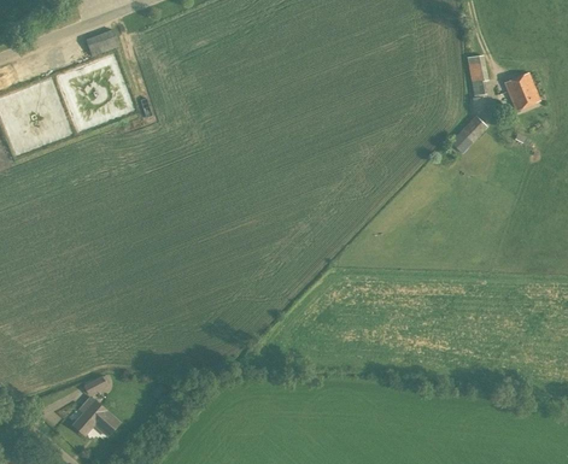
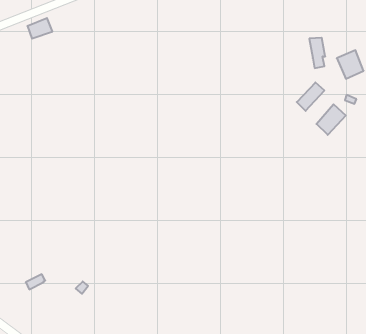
building: none -> [316,104,346,135]
building: [74,397,121,436] -> none

